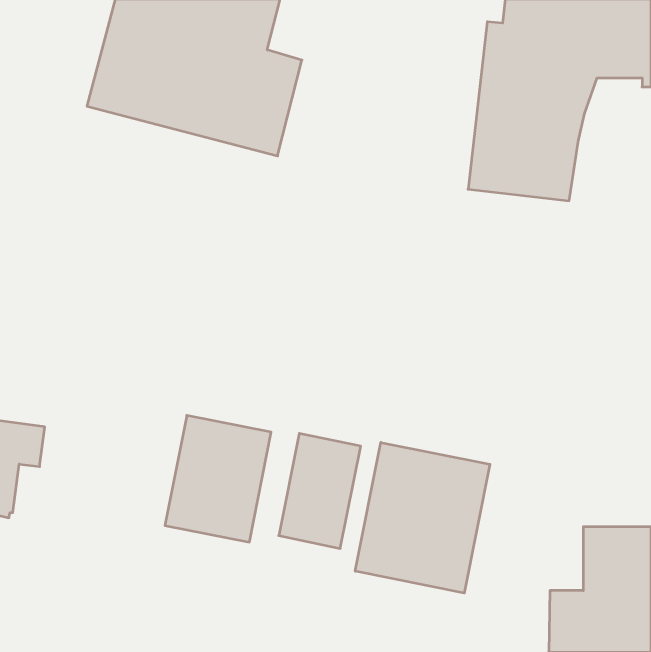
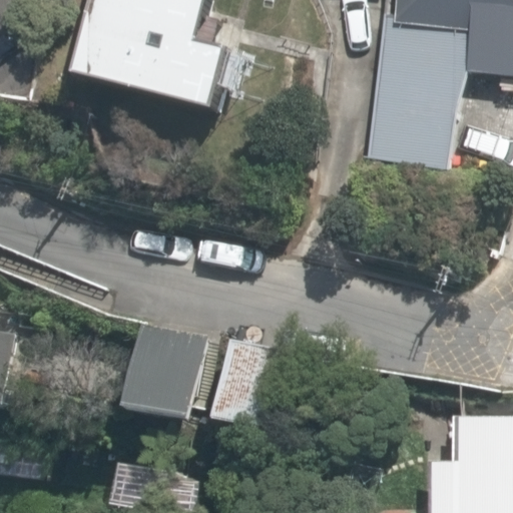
building: [355,442,490,593] -> none

